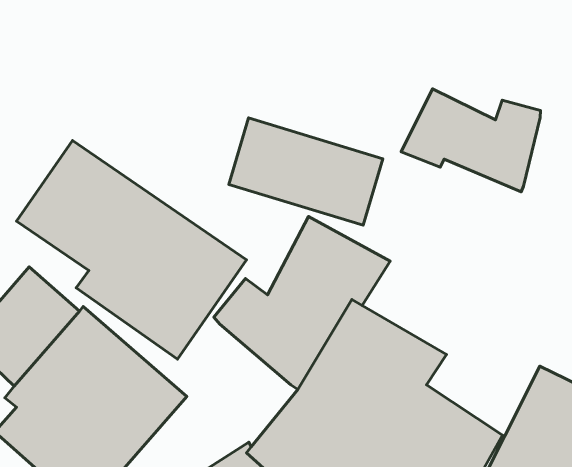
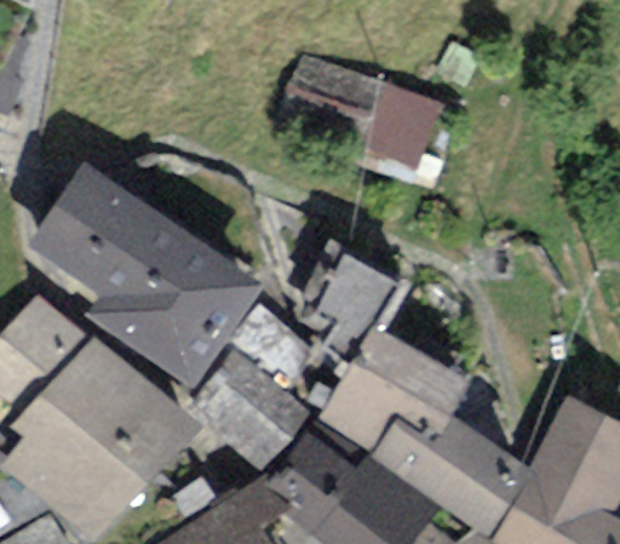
building: [401,89,541,192] -> none
building: [229,118,383,225] -> [279,50,438,161]
building: none -> [189,353,309,469]

